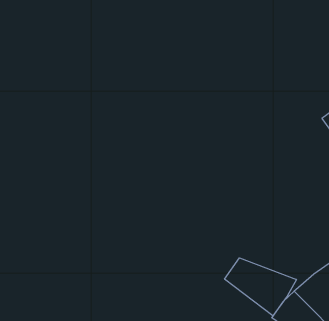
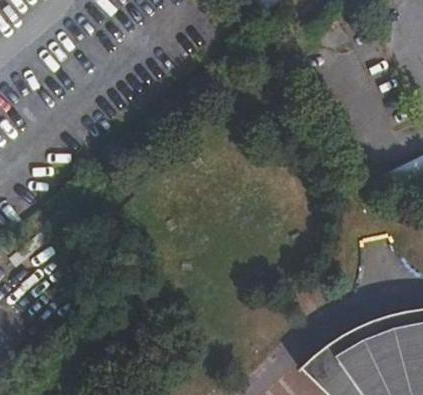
building: [225,258,296,316] -> none

